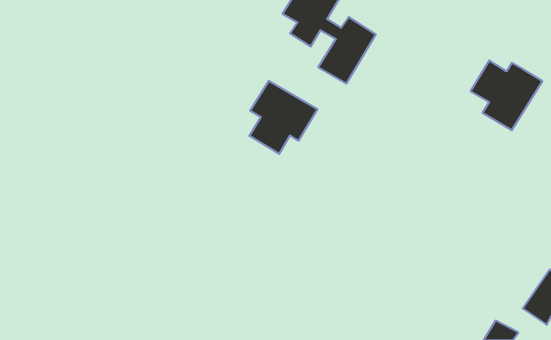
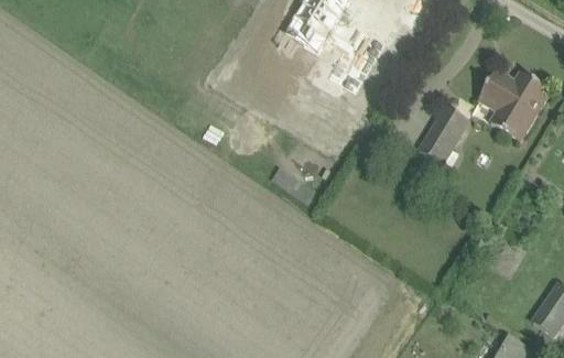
building: [249,81,317,154] -> none
building: none -> [410,105,469,182]

